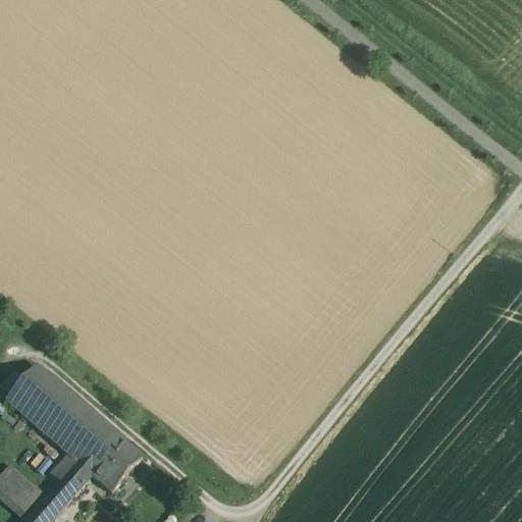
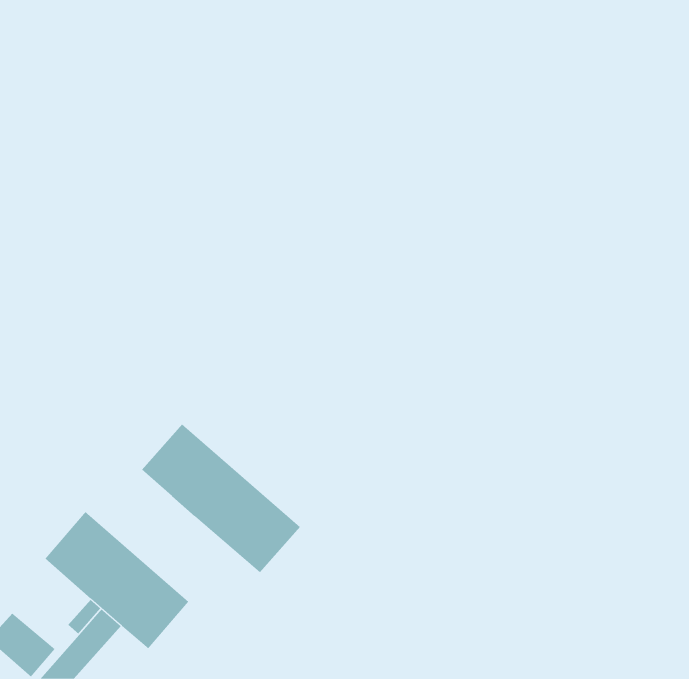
building: none -> [141,423,301,573]
building: [9,364,64,421] -> none

